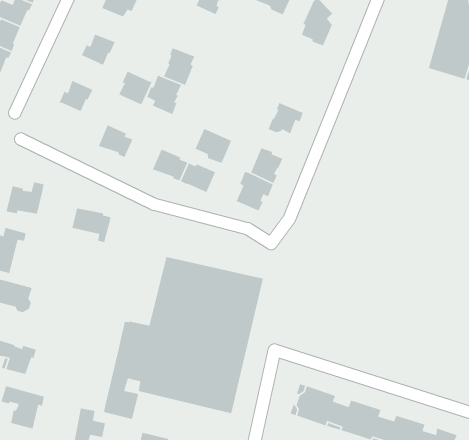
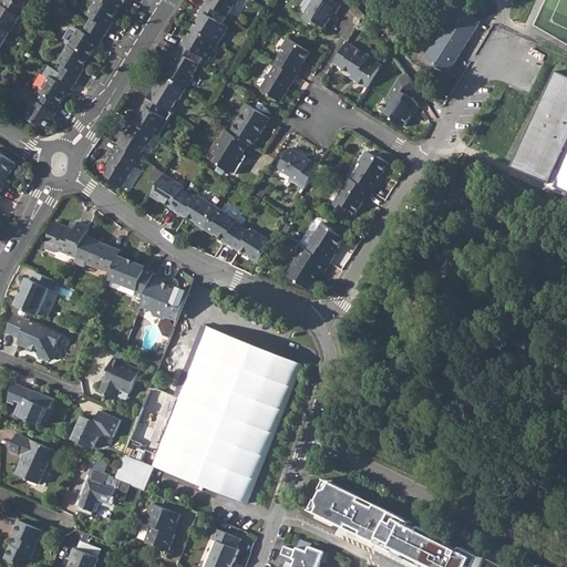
building: none -> [259,63,295,102]
building: none -> [164,51,197,89]
building: [118,71,153,105] -> [133,97,172,136]
building: none -> [350,152,388,193]
building: none -> [104,145,144,188]
building: [195,128,232,164] -> [277,147,318,188]
building: none -> [176,194,216,229]
building: none -> [73,236,120,274]
building: none -> [140,276,185,321]
building: none -> [97,359,140,400]
building: none -> [70,412,120,449]

